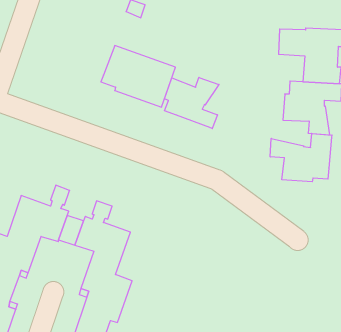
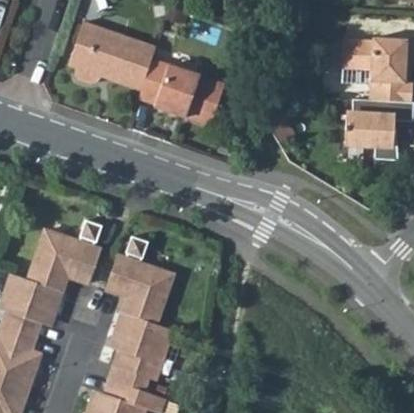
building: none -> [65,20,154,91]
building: [164,77,219,129] -> none
building: [270,133,332,182] -> none

